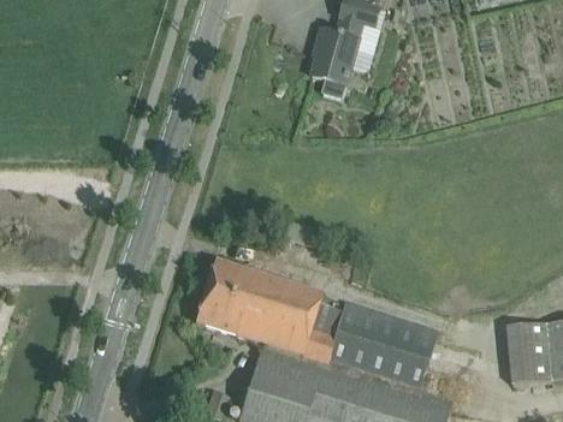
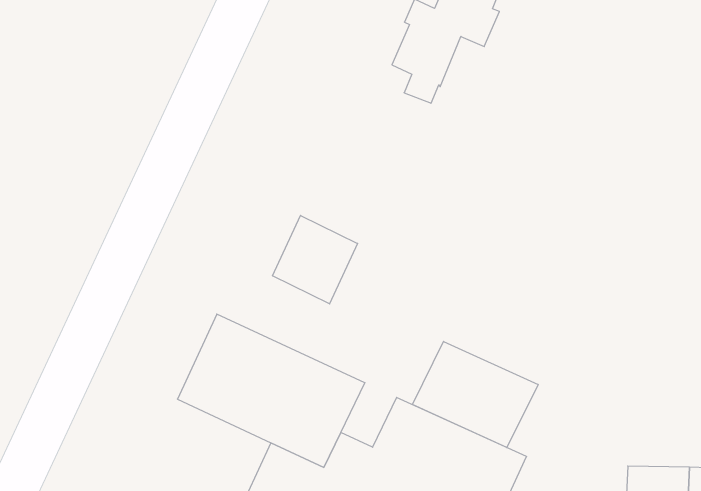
building: none -> [273,215,358,304]
building: none -> [412,341,538,448]

